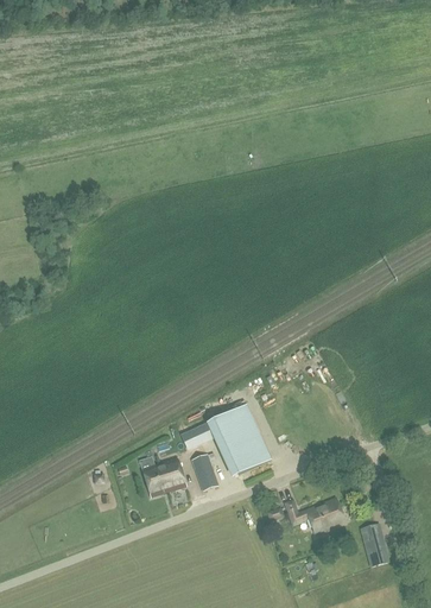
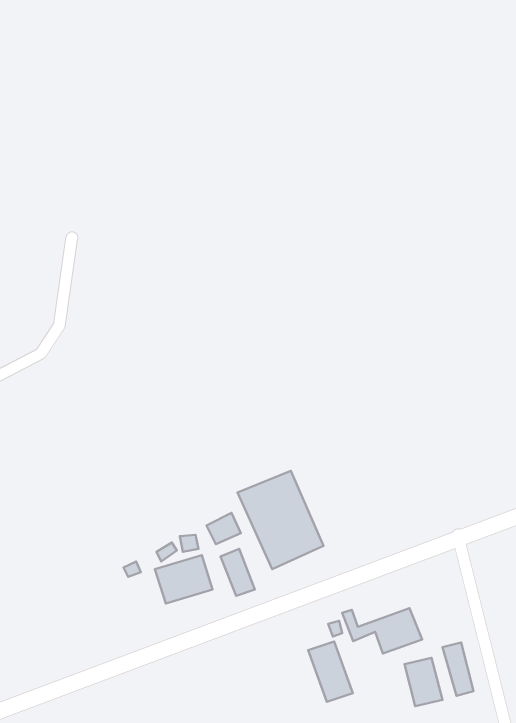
building: none -> [308,641,353,702]
building: none -> [404,658,442,706]

